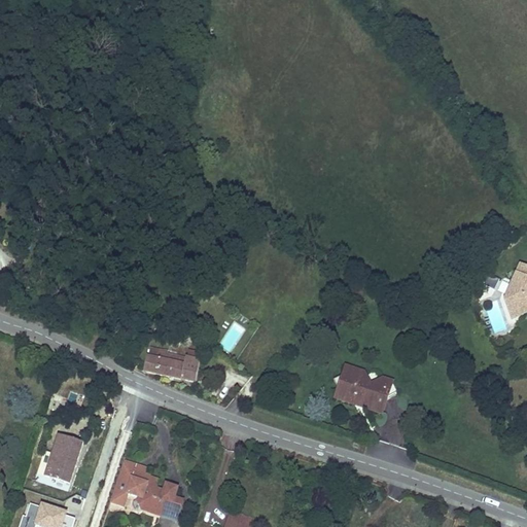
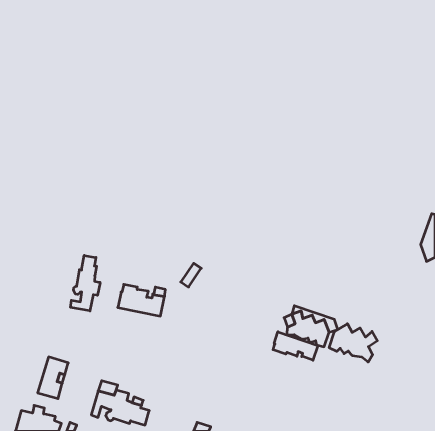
building: none -> [71,255,100,311]
building: none -> [329,324,377,362]
building: none -> [273,332,318,360]

